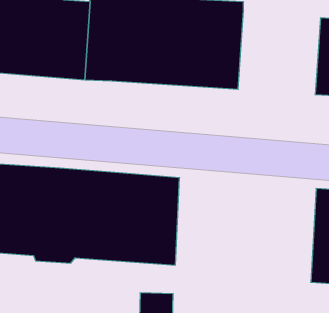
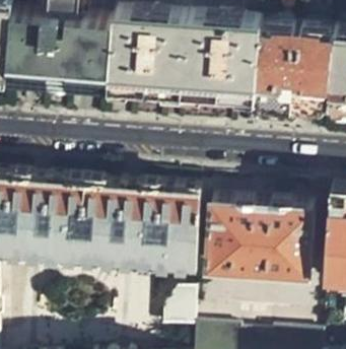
building: none -> [254,27,332,108]
building: none -> [205,204,309,285]

